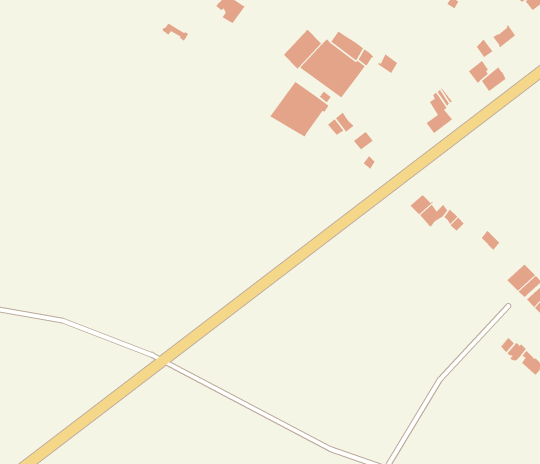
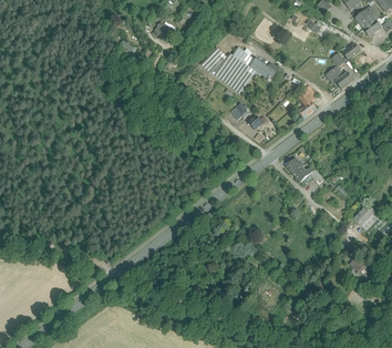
building: [269,81,330,138] -> none

